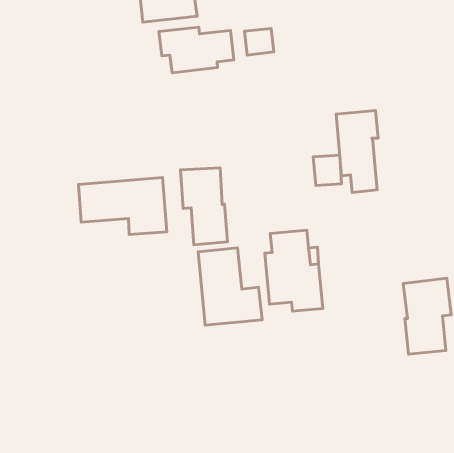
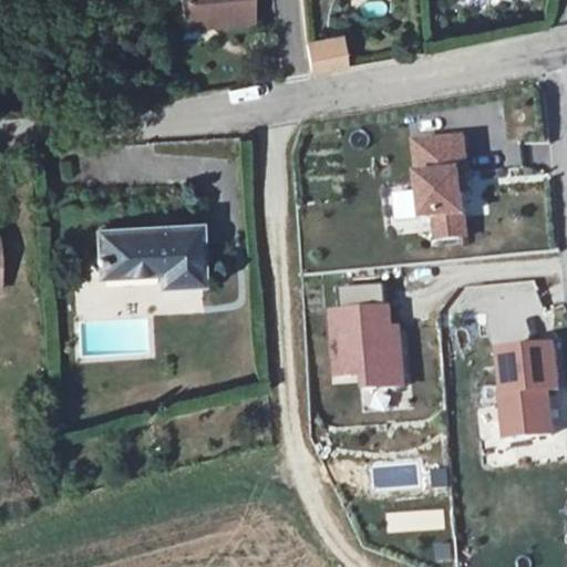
building: [159,27,234,73] -> none
building: [181,168,228,245] -> none
building: [198,248,262,325] -> none

